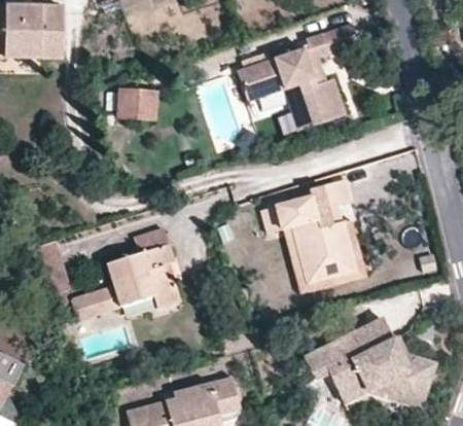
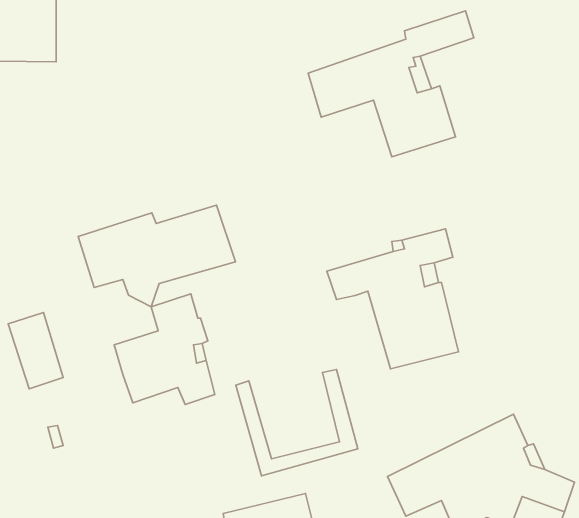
building: [116,91,154,117] -> none
building: none -> [78,205,236,307]
building: [280,216,368,293] -> [236,370,358,476]
building: [70,285,118,320] -> none

